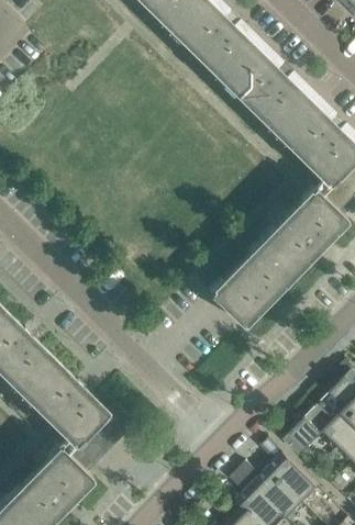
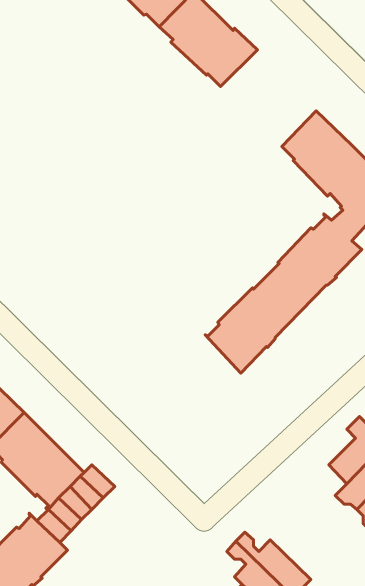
building: [224,46,307,130] -> none
building: [276,404,333,455] -> none
building: [259,438,318,503] -> none

